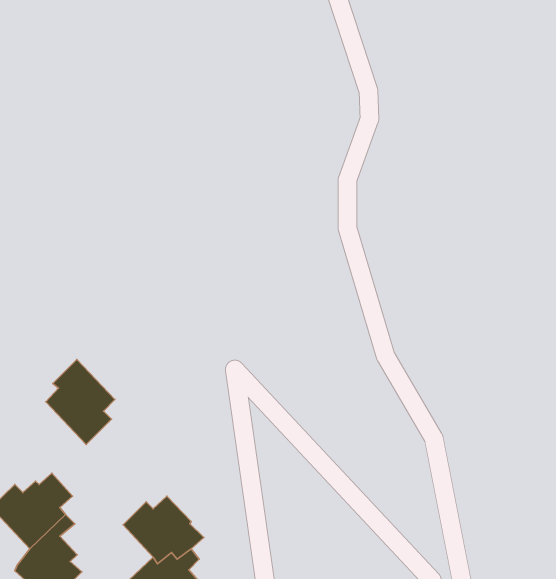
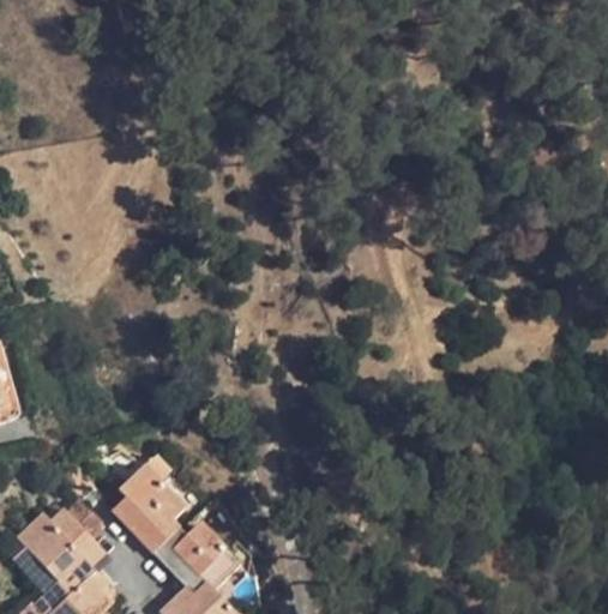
building: [46,359,115,445] -> [113,465,185,554]

